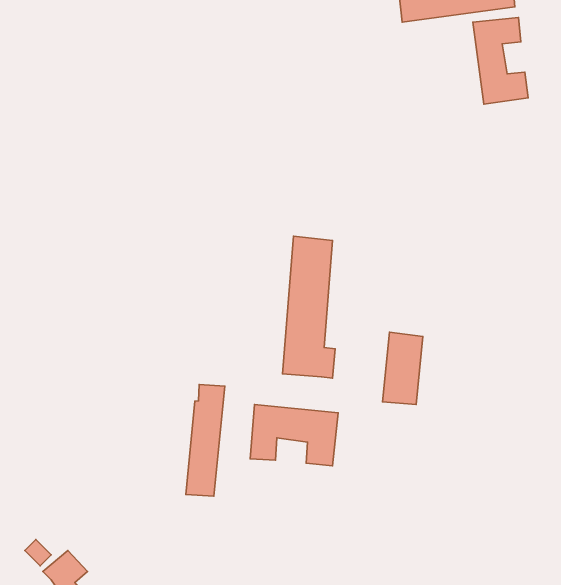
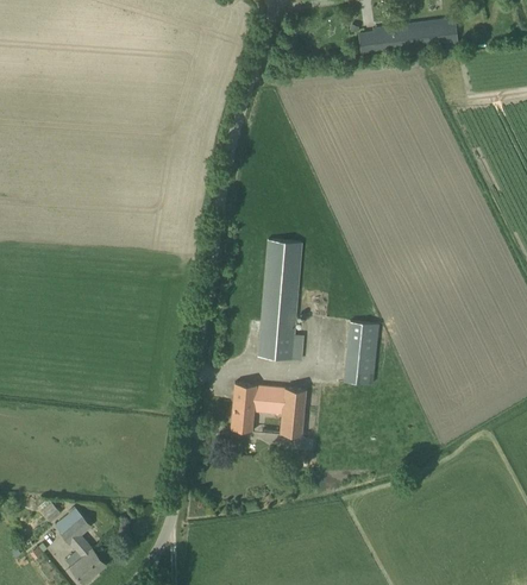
building: [473,17,528,104] -> none
building: [186,385,225,496] -> none

